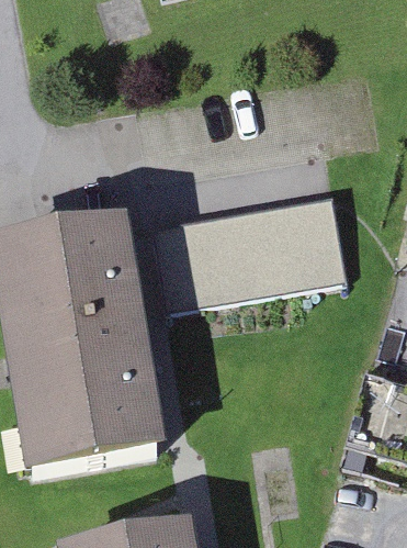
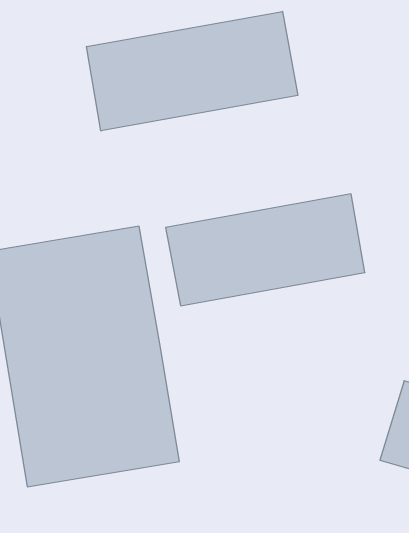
building: none -> [87,11,298,131]

